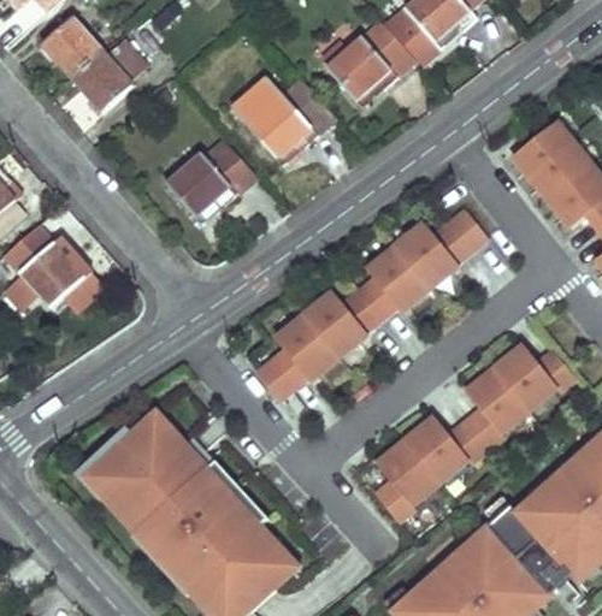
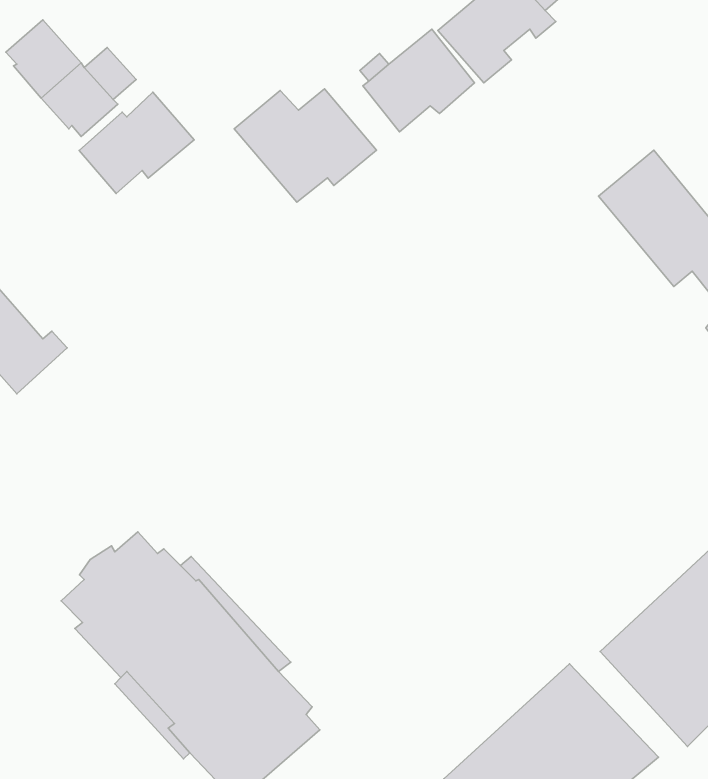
building: [166,138,256,218] -> [79,92,194,193]
building: [255,208,486,401] -> none
building: [374,344,576,522] -> none

